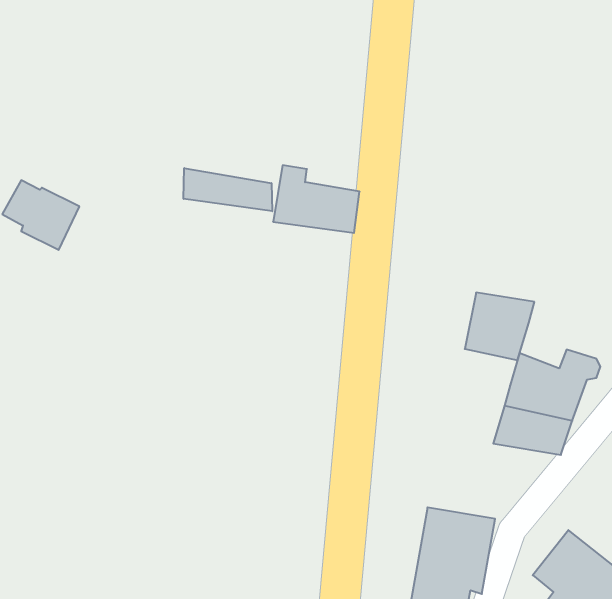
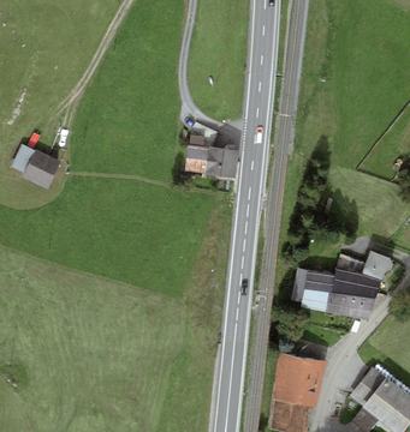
building: [184,168,272,211] -> none
building: [465,293,534,360] -> [291,268,335,311]

